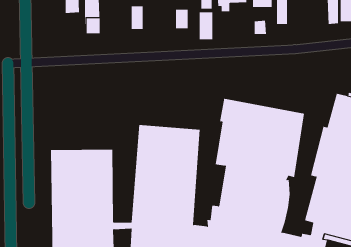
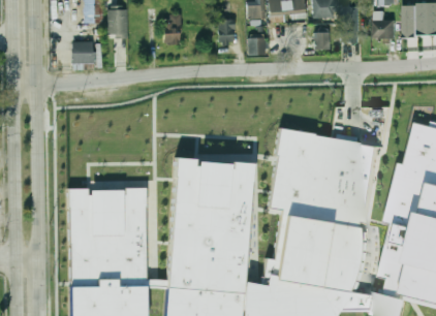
building: none -> [374,20,396,37]
building: none -> [71,41,95,64]

